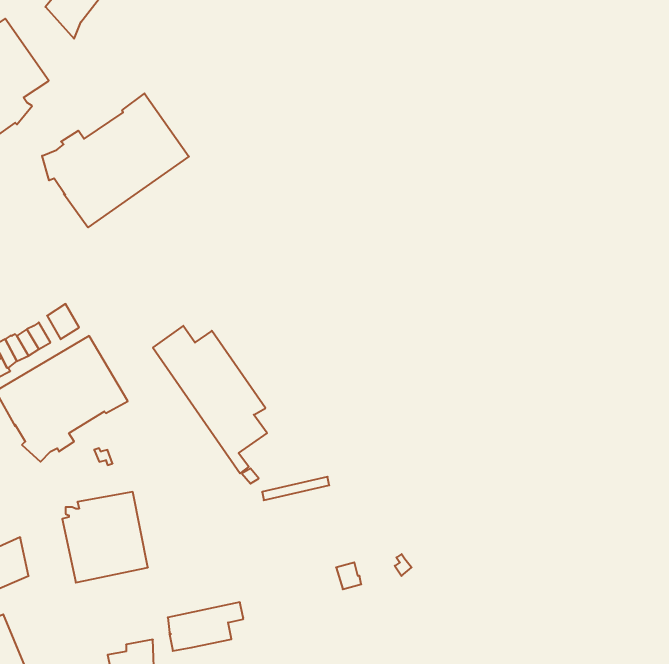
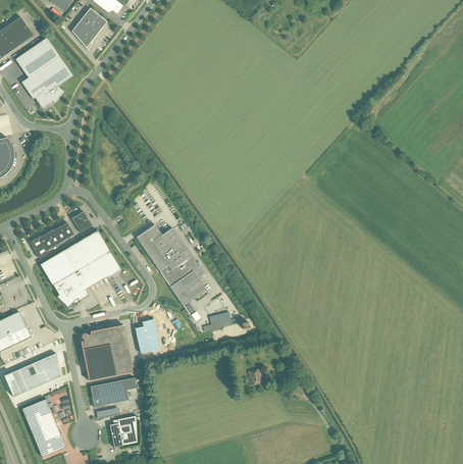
building: [42,93,189,227] -> none
building: none -> [134,318,160,353]
building: [168,602,243,651] -> [90,377,136,407]

